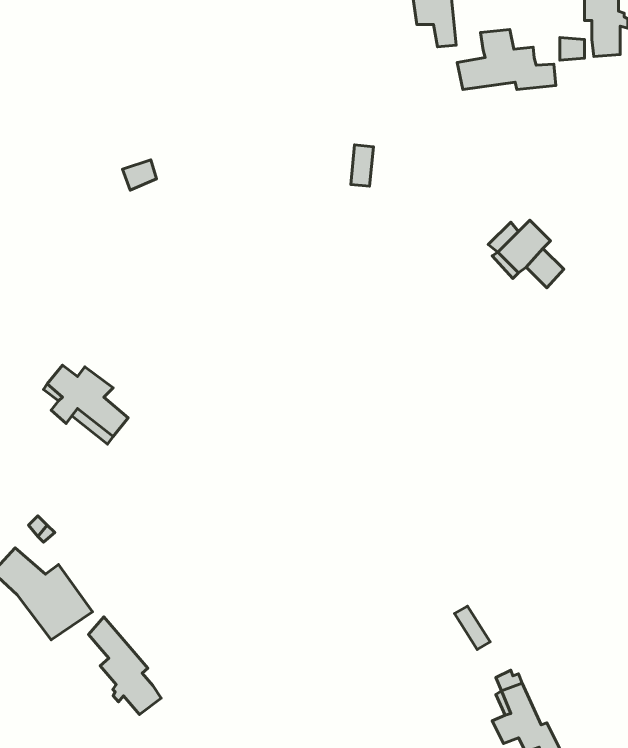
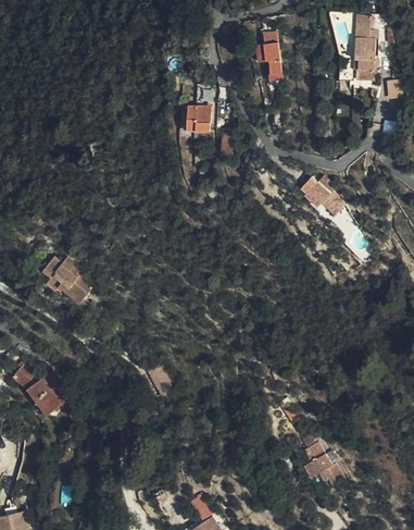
building: [457,29,556,90] -> none
building: none -> [187,103,212,131]
building: [89,617,161,714] -> none

